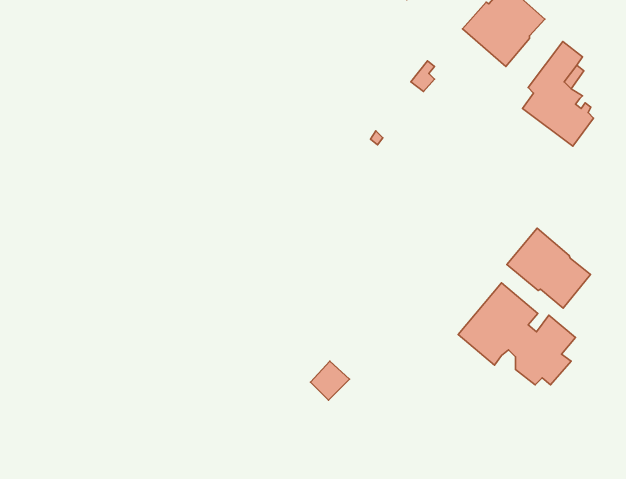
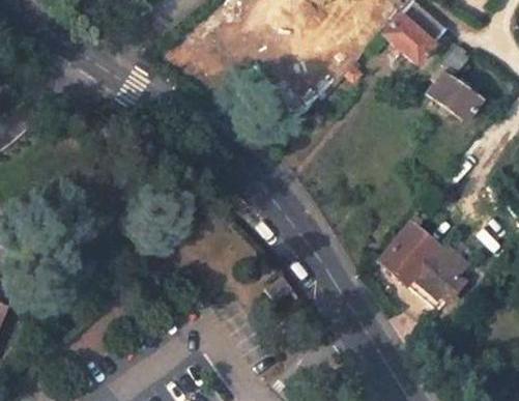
building: [507,228,590,308] -> none

